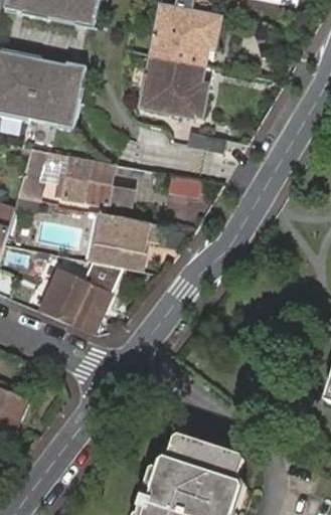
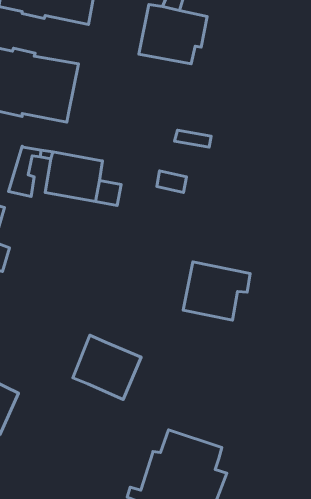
building: [139,56,205,118] -> none
building: [88,213,156,273] -> [183,262,250,320]
building: [40,270,110,335] -> [73,335,141,400]

